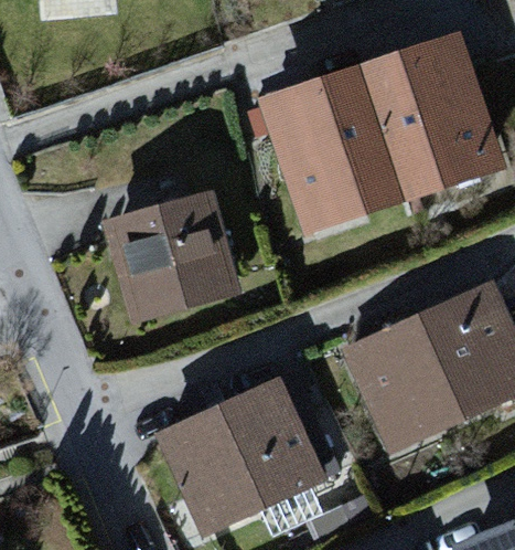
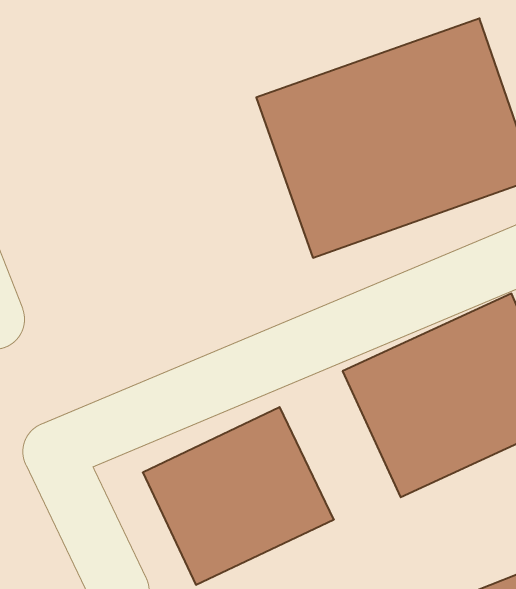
building: [100,197,239,321] -> none

